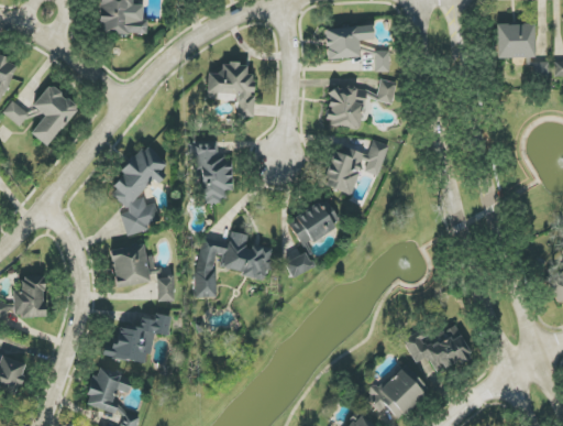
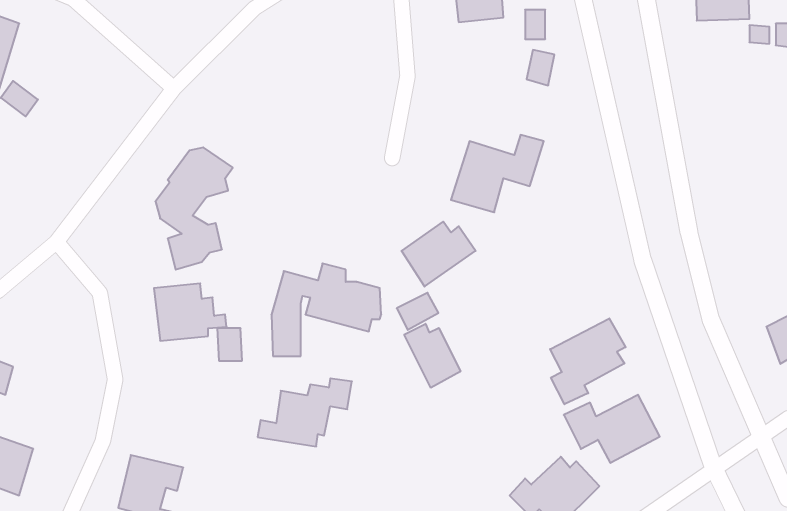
building: [207,63,254,117] -> none
building: [31,84,78,146] -> none
building: [327,86,366,129] -> none
building: [190,142,232,204] -> none
building: none -> [550,318,626,404]
building: none -> [404,324,460,388]
building: [13,275,45,317] -> none
building: [103,314,170,362] -> [258,378,352,446]

